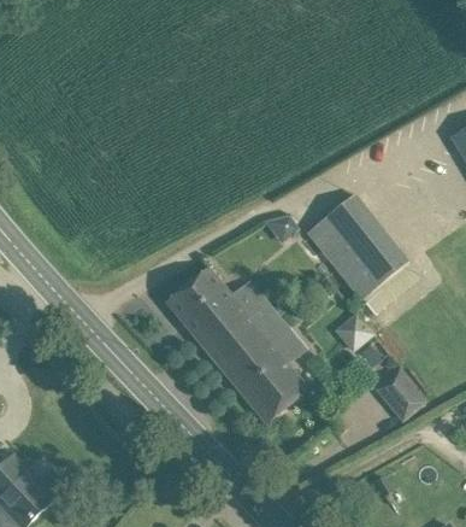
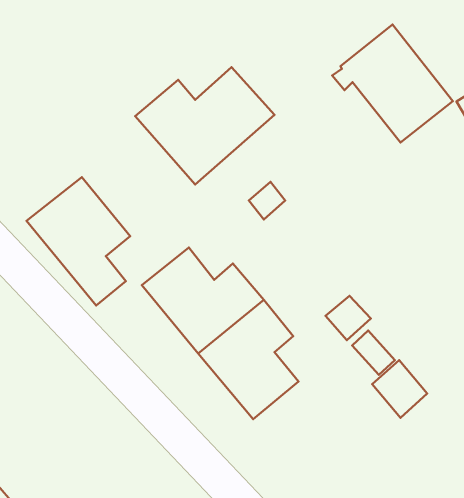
building: none -> [135,67,274,184]
building: [301,195,409,301] -> [332,25,453,143]
building: none -> [27,177,130,306]

